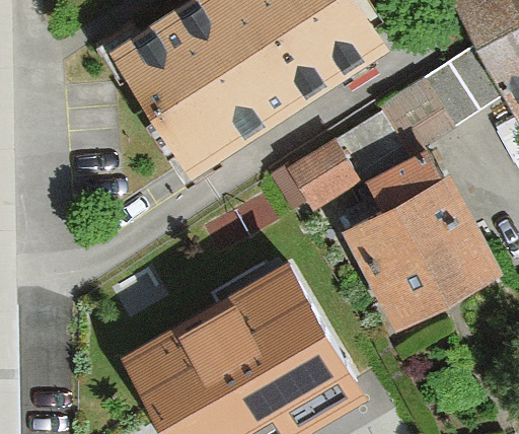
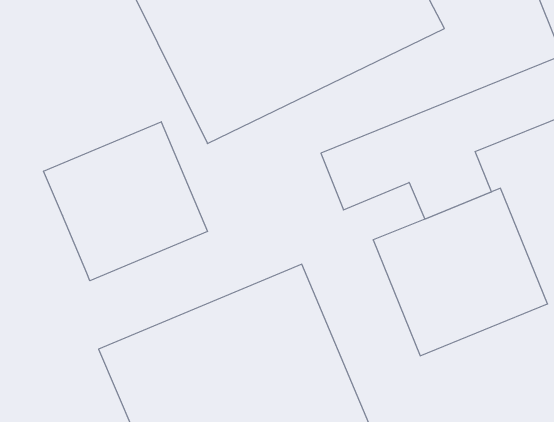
building: none -> [44,122,208,281]

